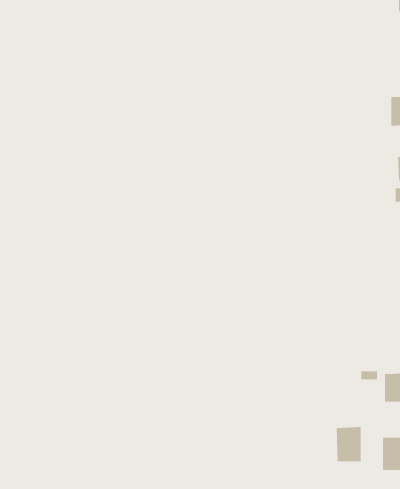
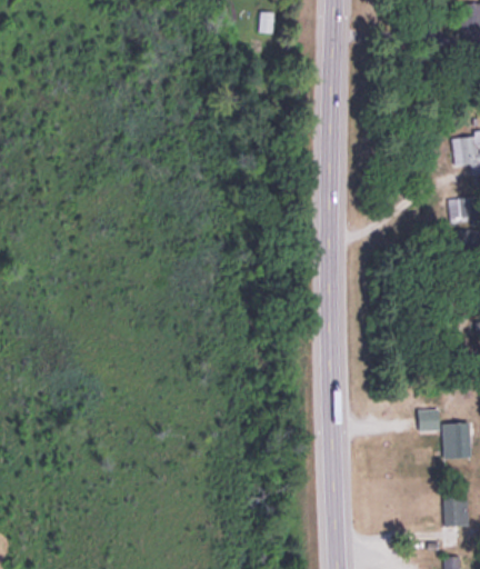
building: [336,426,362,462] -> none

